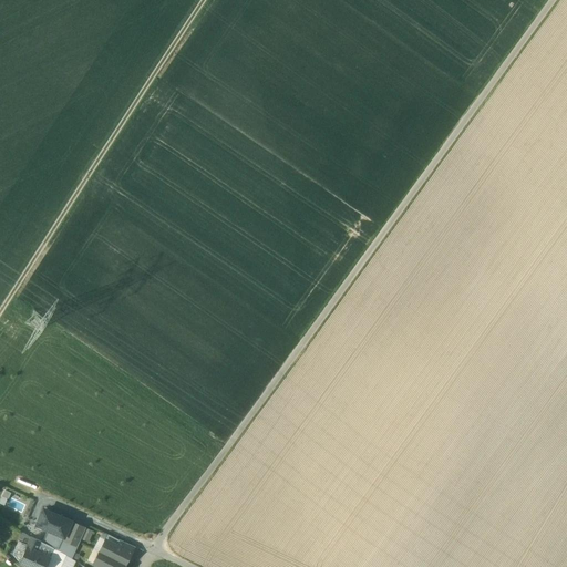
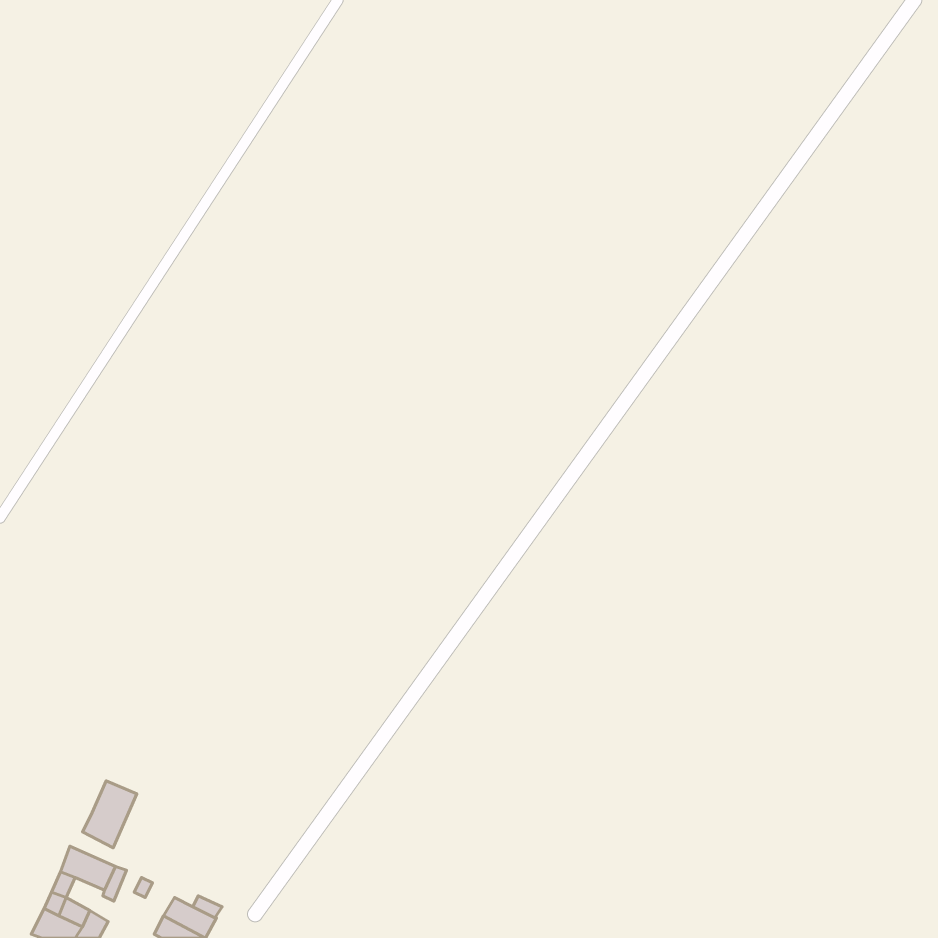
building: none -> [82,781,137,848]

